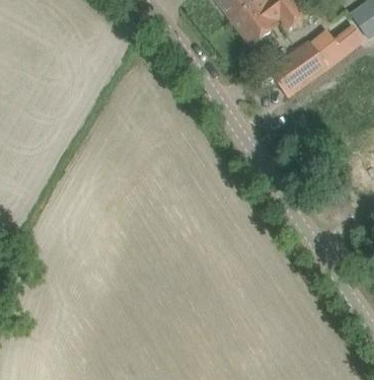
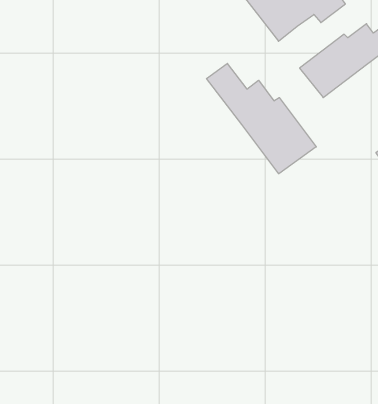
building: none -> [207,63,316,174]

